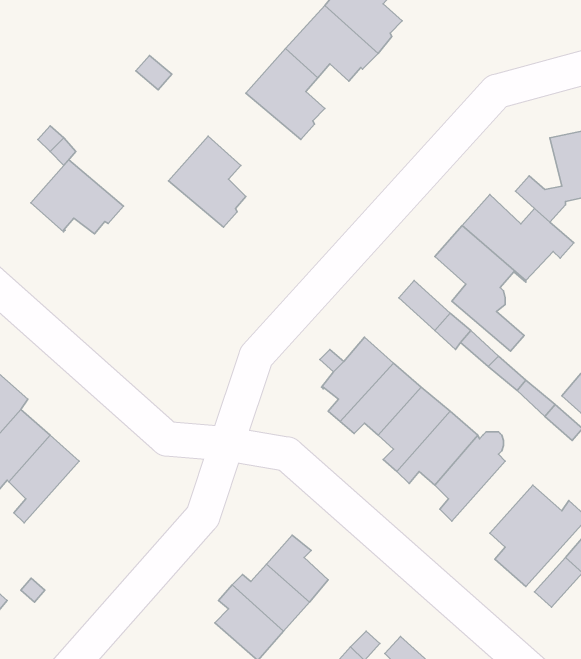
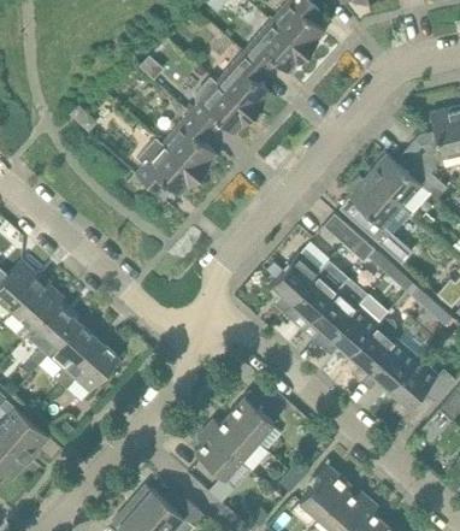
building: none -> [189,76,254,135]
building: [31,160,124,234] -> [135,143,200,195]
building: none -> [60,340,119,391]
building: none -> [360,340,417,390]

